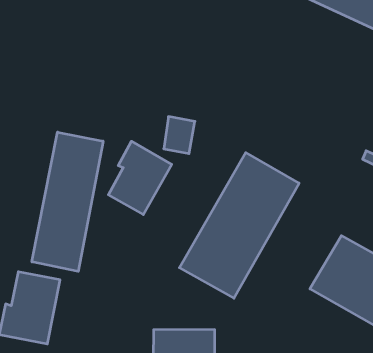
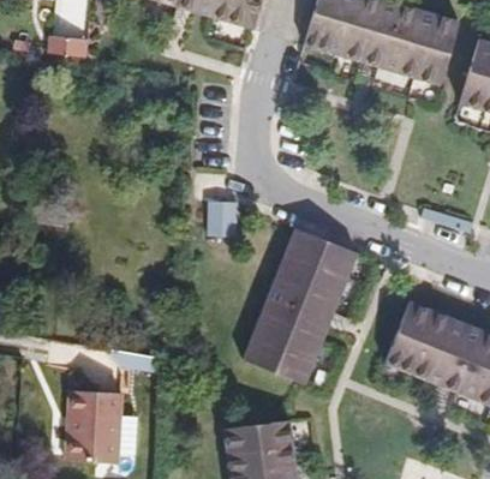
building: [32,132,103,271] -> none
building: [108,141,172,215] -> none

